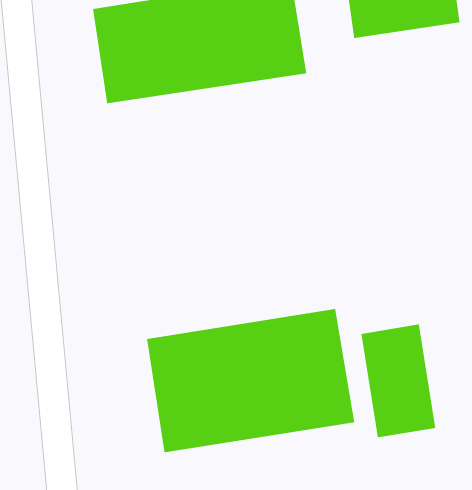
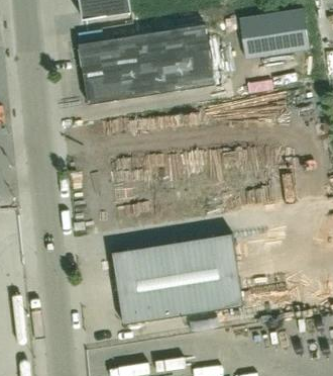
building: [361,324,436,438] -> none

